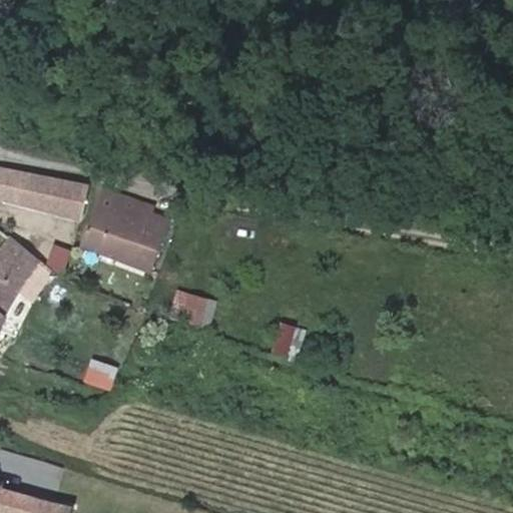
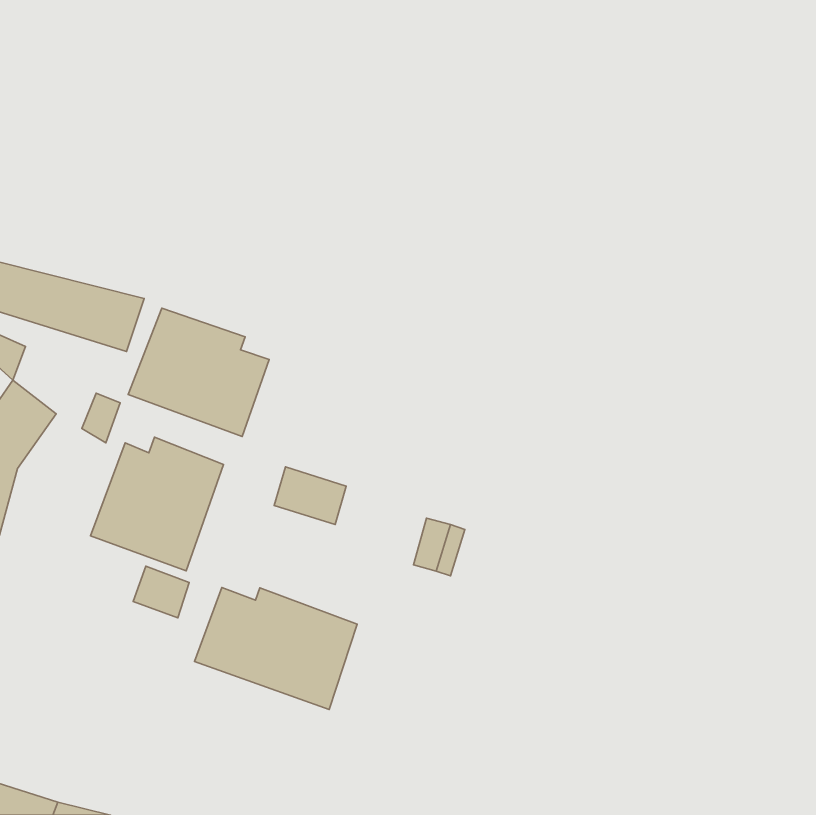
building: none -> [90,437,223,571]
building: none -> [194,587,357,709]

